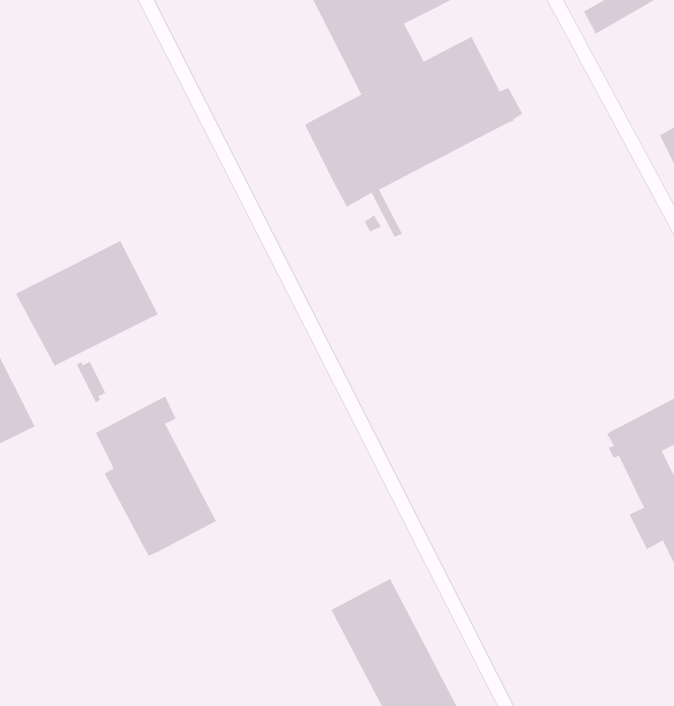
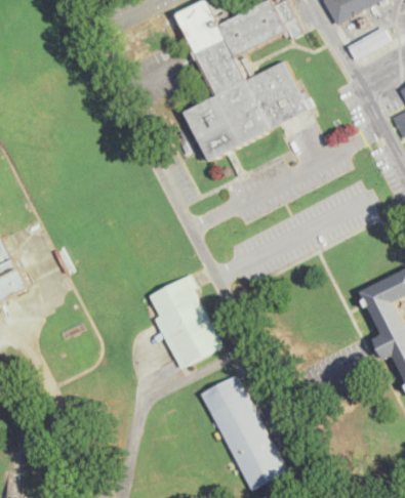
building: [15,240,158,367] -> none
building: [95,396,217,556] -> [149,274,219,367]

